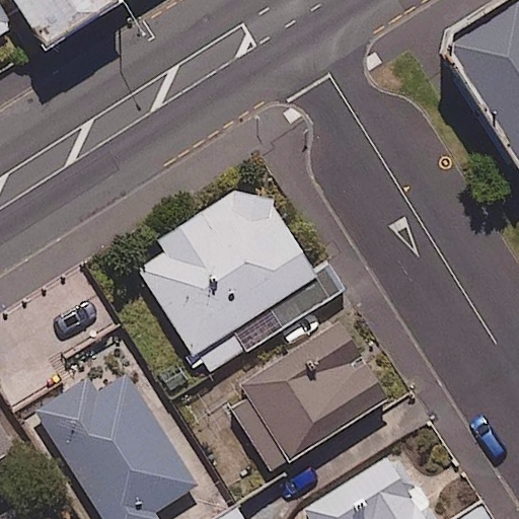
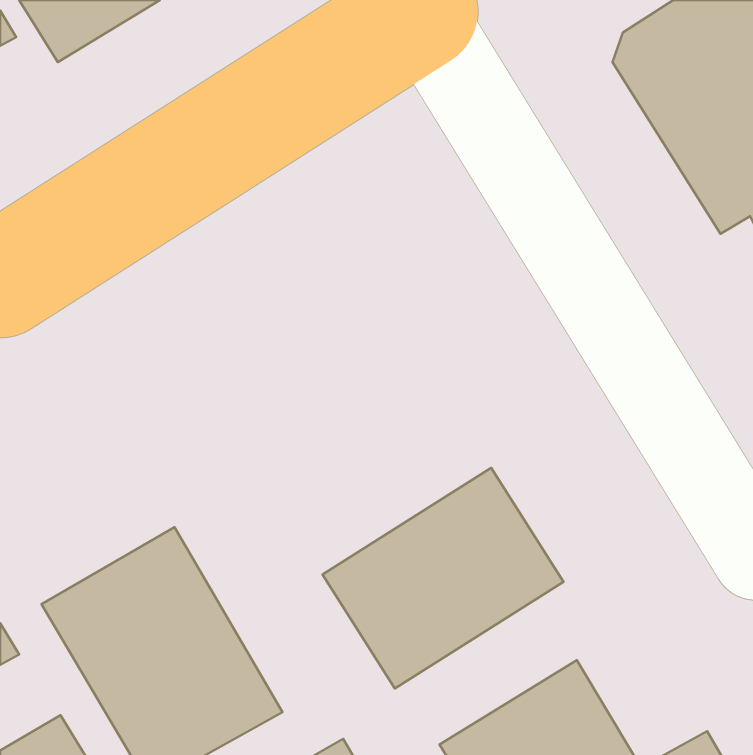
building: [139,179,346,376] -> none

